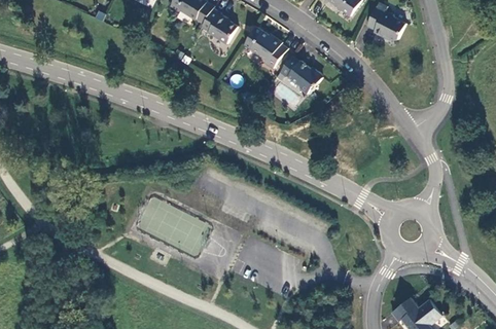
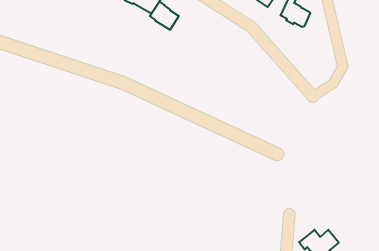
building: [244,28,286,69] -> none
building: [279,56,321,94] -> none

